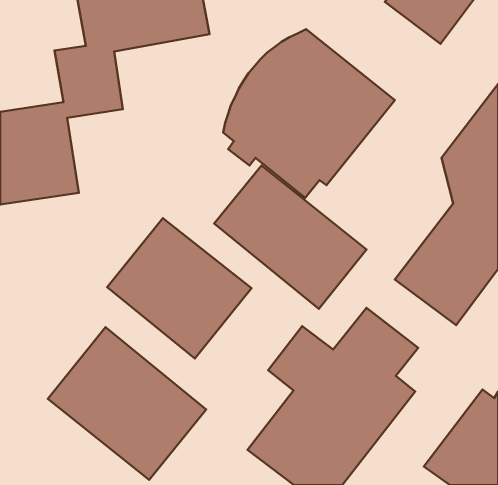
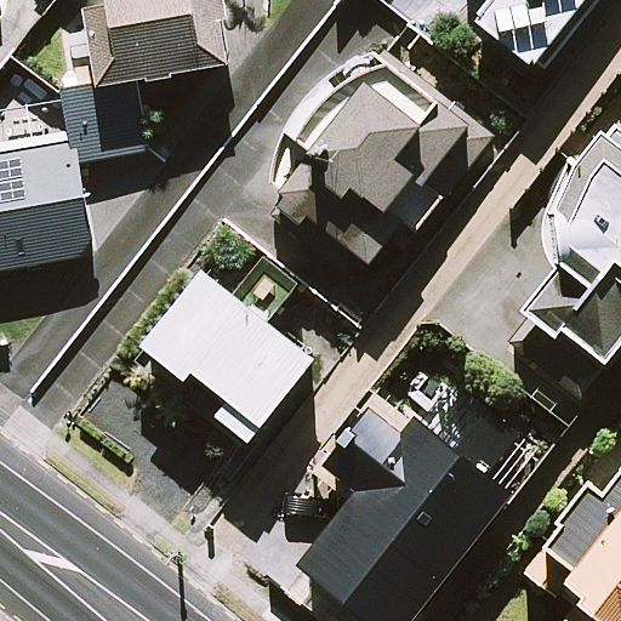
building: [214,165,367,309] -> none
building: [48,327,206,480] -> none

